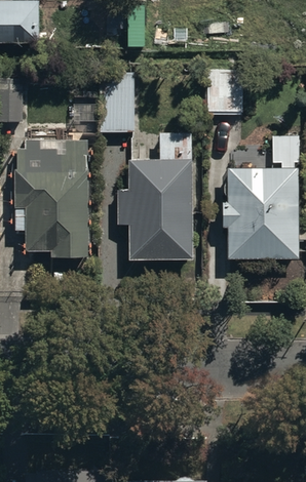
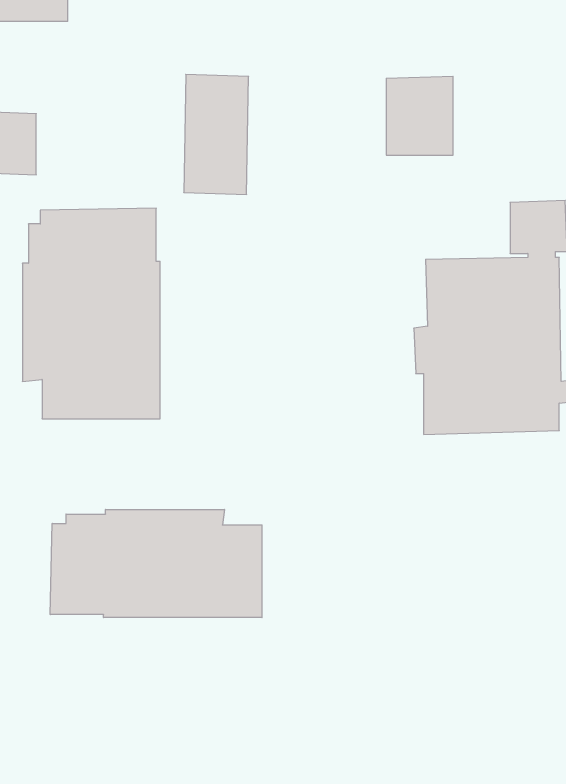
building: [115,133,191,259] -> none
building: none -> [50,509,262,618]

